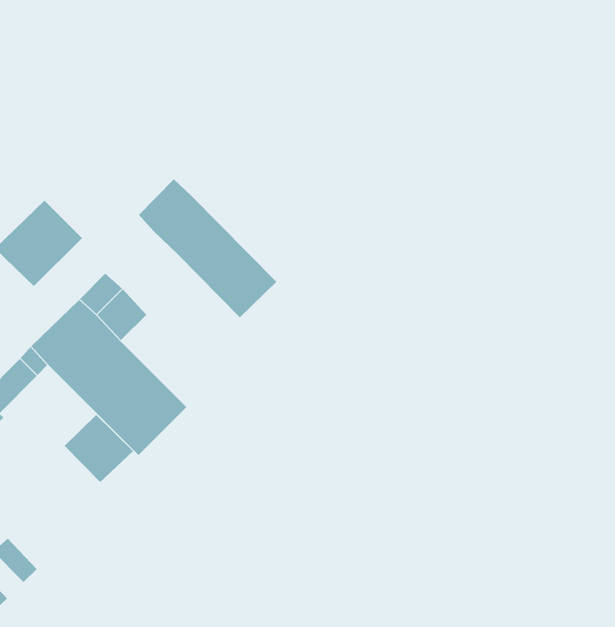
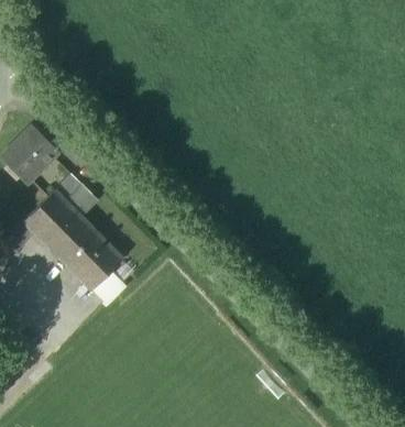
building: [138,179,277,318] -> none
building: [64,414,134,483] -> none

